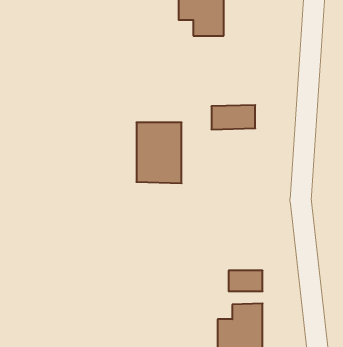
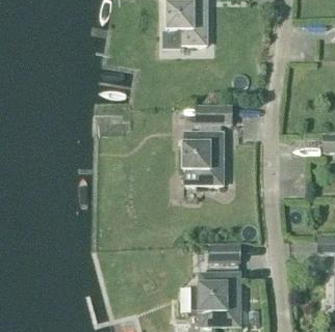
building: [136,122,182,183] -> [184,133,223,185]

